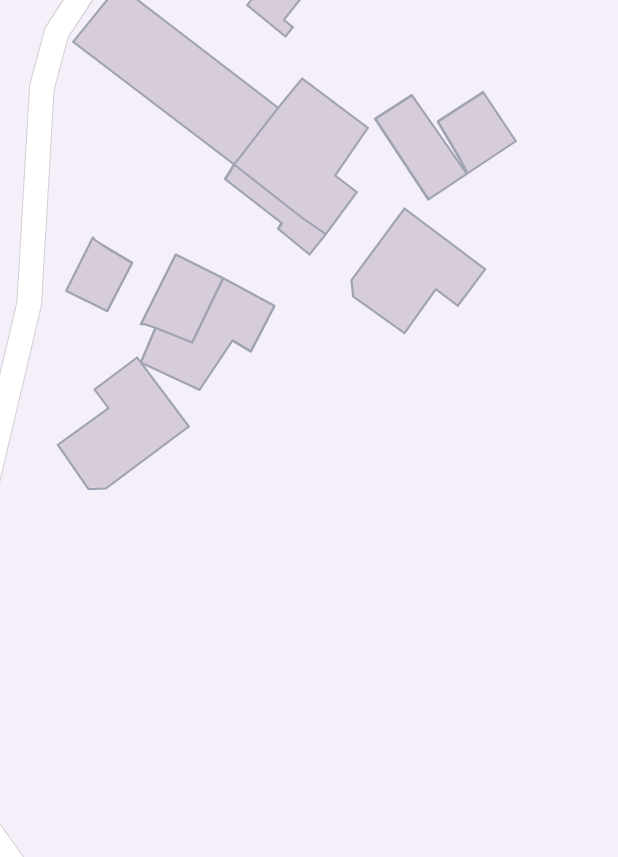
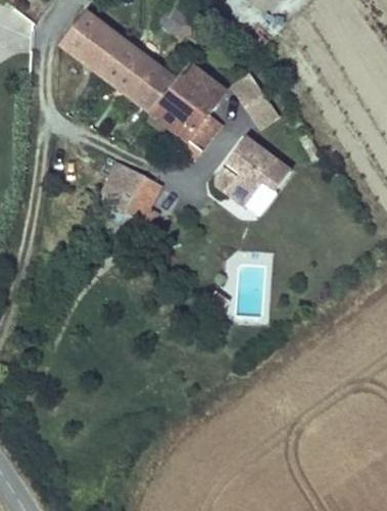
building: [438,92,516,174] -> none
building: [66,238,132,311] -> none
building: [58,357,189,489] -> none

